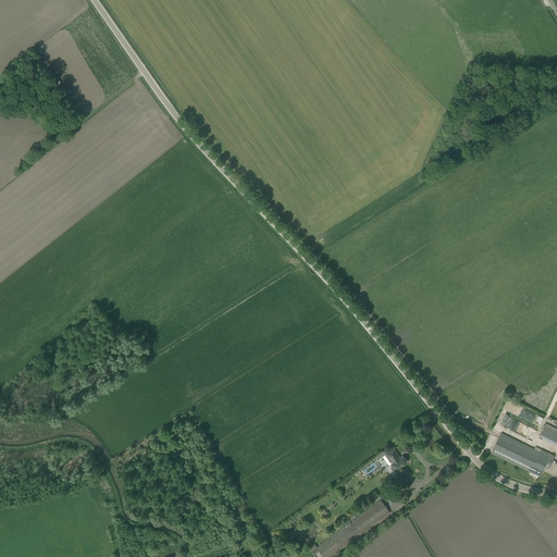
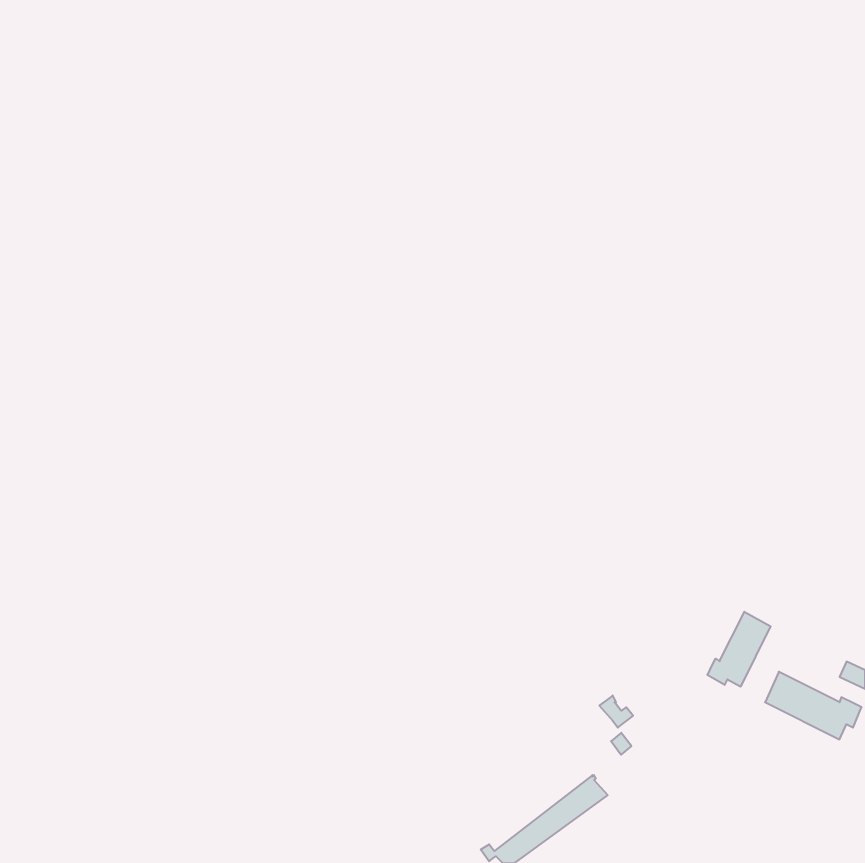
building: none -> [707,612,771,687]

